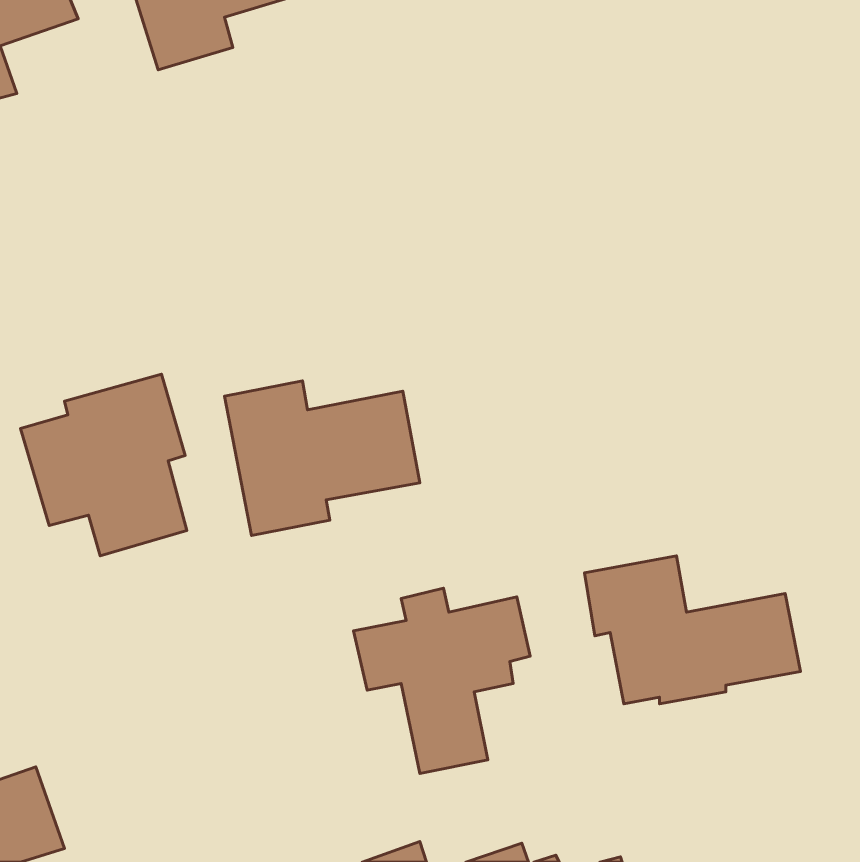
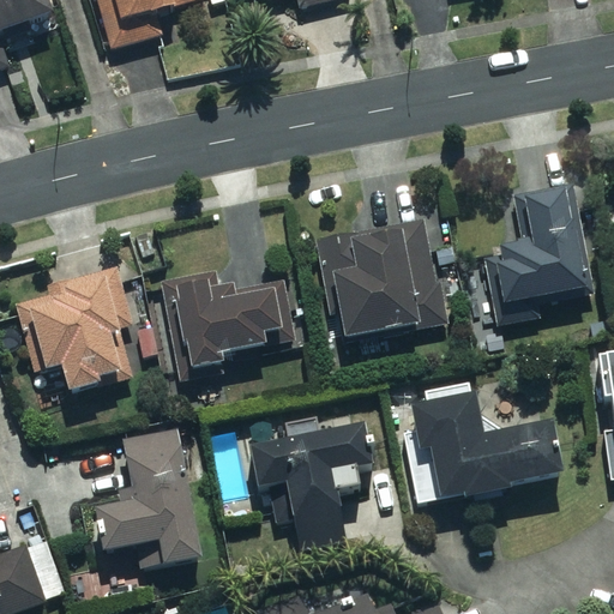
building: none -> [482,181,591,323]
building: none -> [315,216,441,345]
building: none -> [94,429,203,565]

